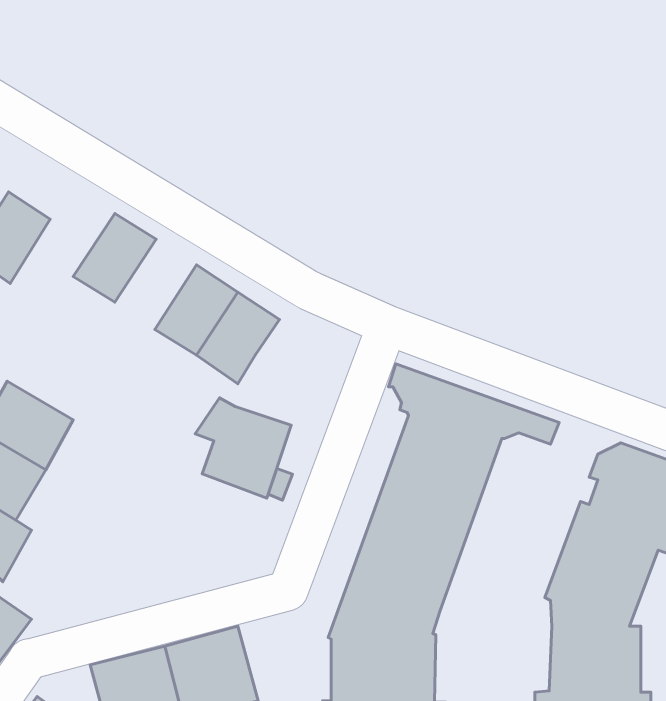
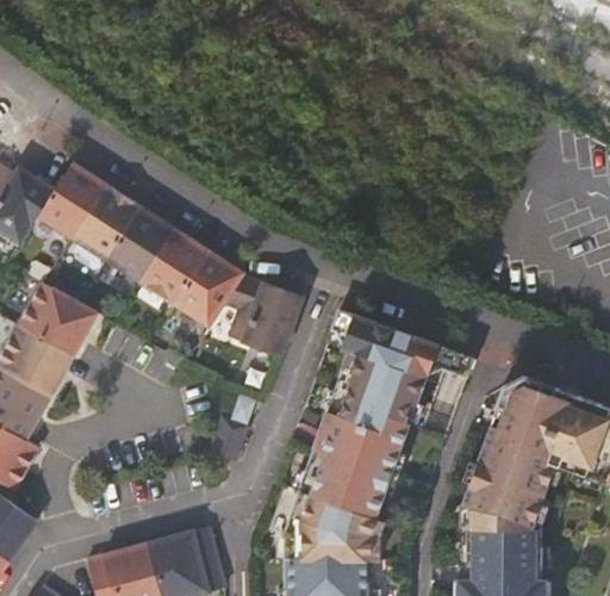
building: none -> [37,162,106,237]
building: none -> [106,206,174,281]
building: none -> [17,281,97,356]
building: [195,398,291,498] -> [223,273,303,356]

